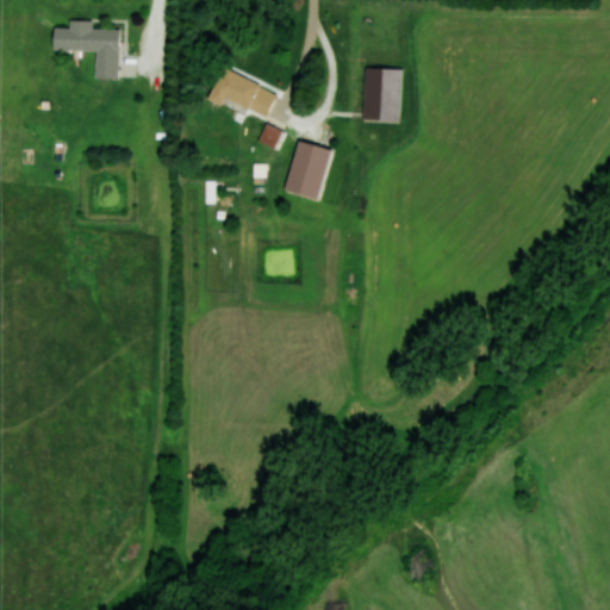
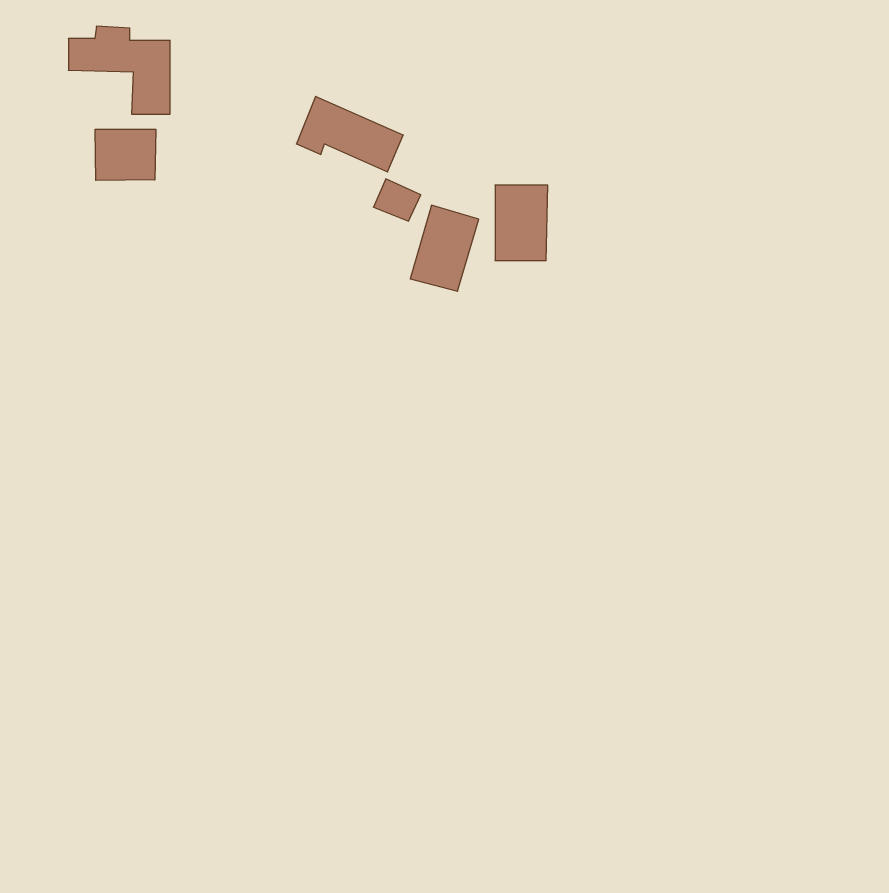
building: [366,69,402,120] -> [495,185,548,261]
building: none -> [95,129,156,180]

